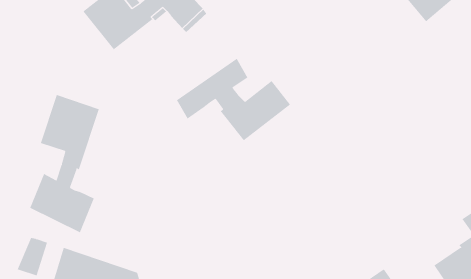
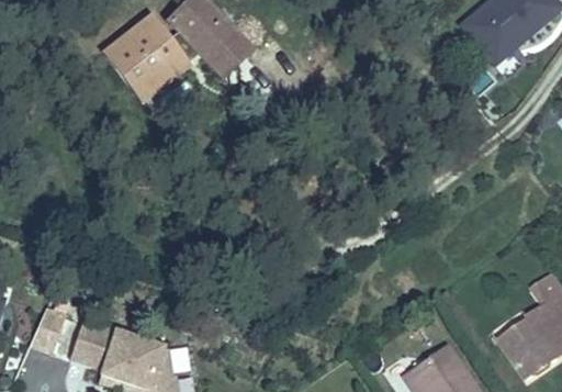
building: [176,58,291,141] -> none
building: [29,94,100,233] -> none

